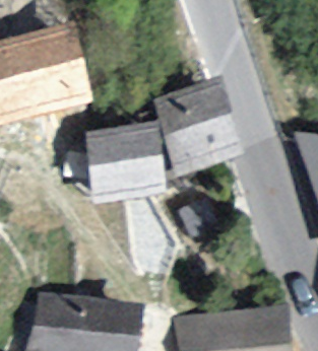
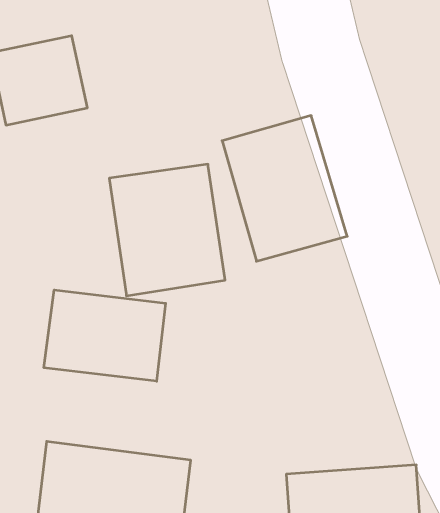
building: none -> [44,290,166,381]

